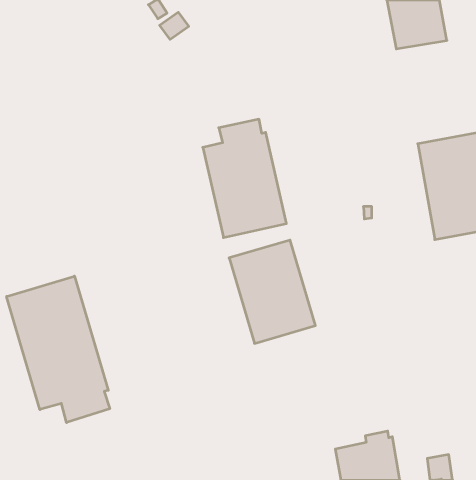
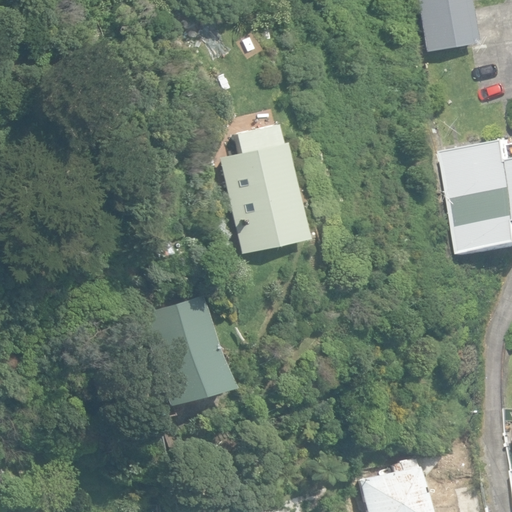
building: [229,240,315,343] -> [140,295,232,405]
building: [7,276,110,423] -> none

